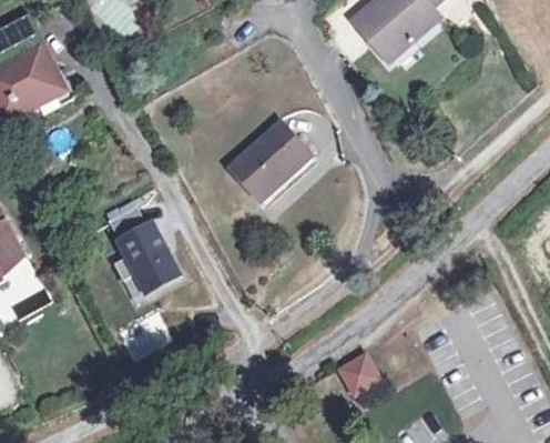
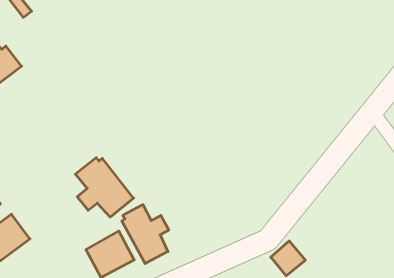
building: [230,121,312,202] -> none
building: none -> [122,205,169,264]

